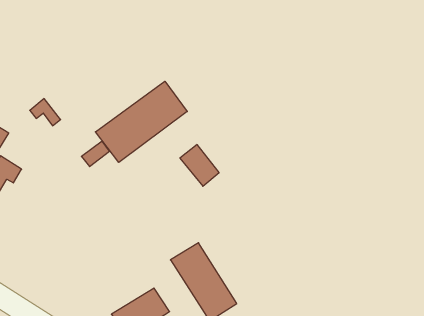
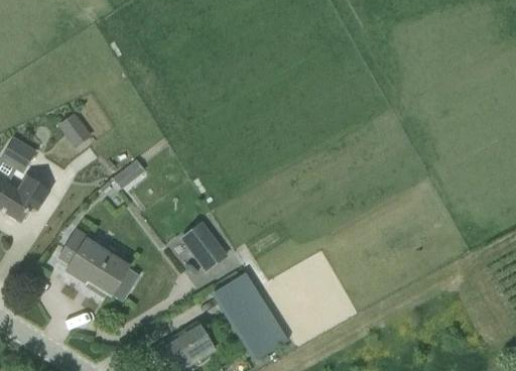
building: [95,81,187,162] -> none
building: [180,145,219,186] -> [180,224,224,270]
building: none -> [56,231,130,300]

